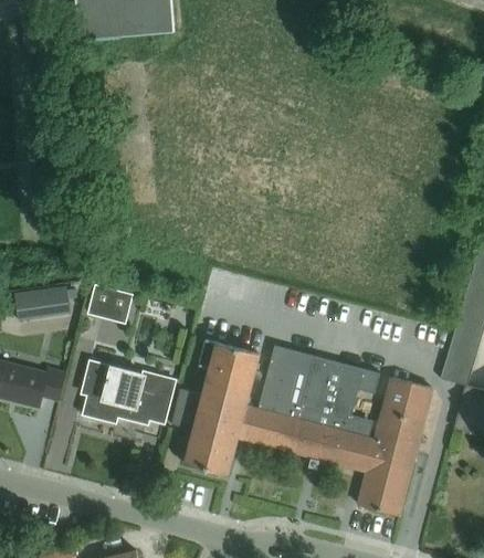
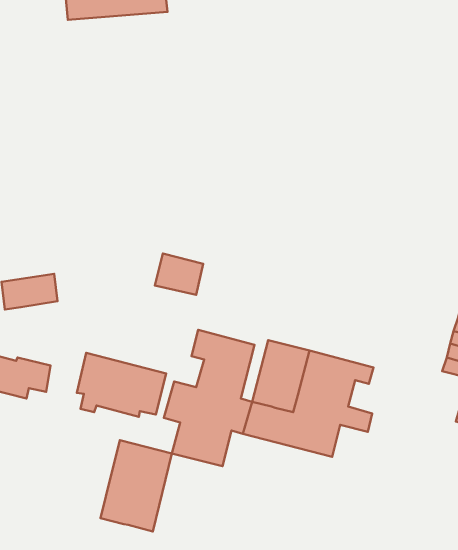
building: [87,284,134,324] -> [155,254,203,295]
building: [335,377,432,515] -> none
building: none -> [100,440,172,532]

